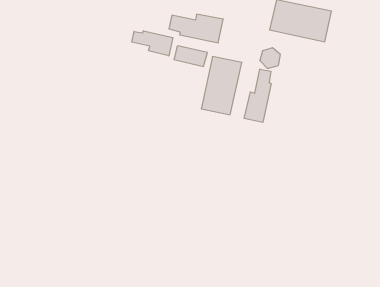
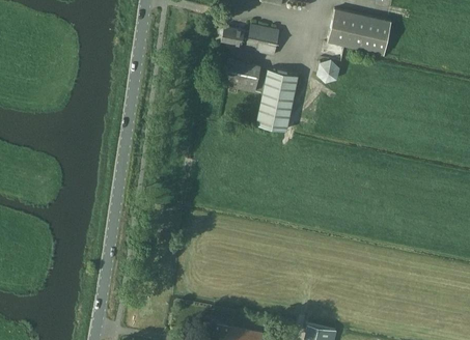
building: [132,31,173,56] -> none
building: [244,69,271,122] -> none

